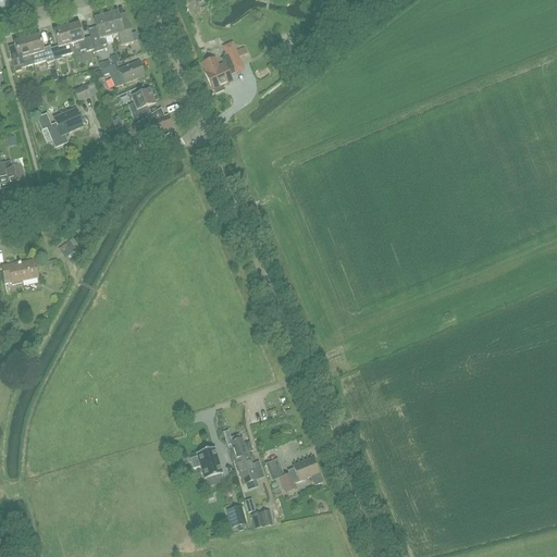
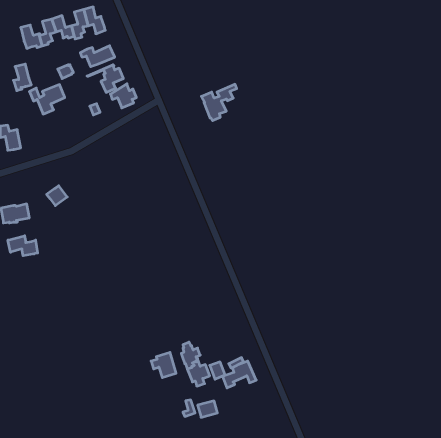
building: [11,35,34,69] -> [13,64,31,91]
building: [201,45,246,90] -> [201,84,237,121]
building: none -> [8,236,38,256]

